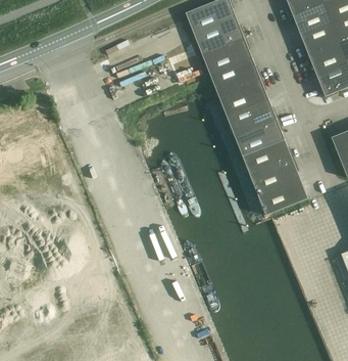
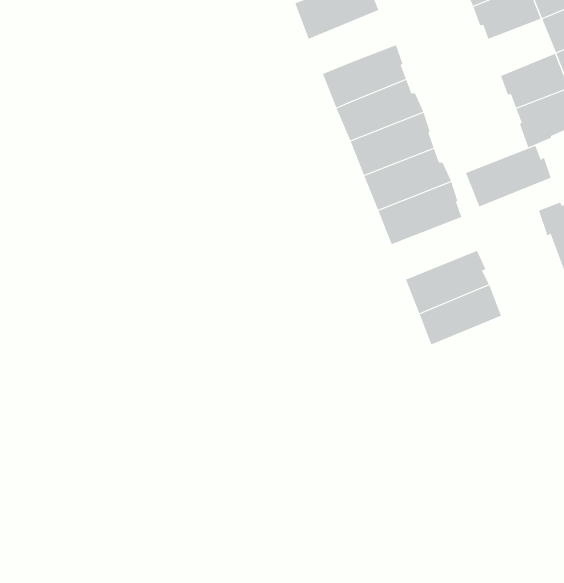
building: [193,16,245,54] -> none
building: [299,21,339,55] -> none
building: [242,139,293,176] -> [465,145,551,207]

